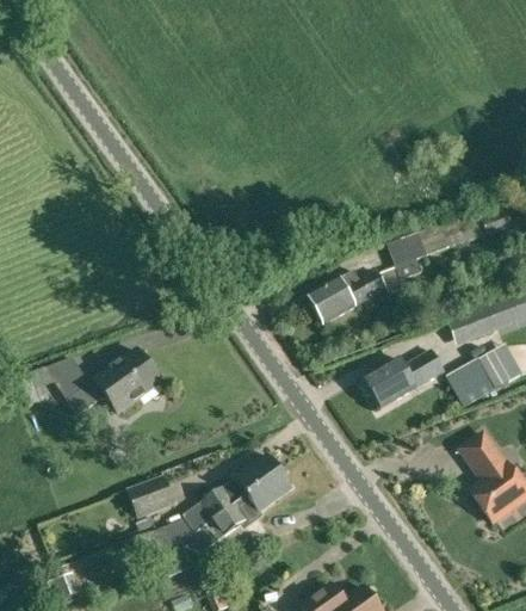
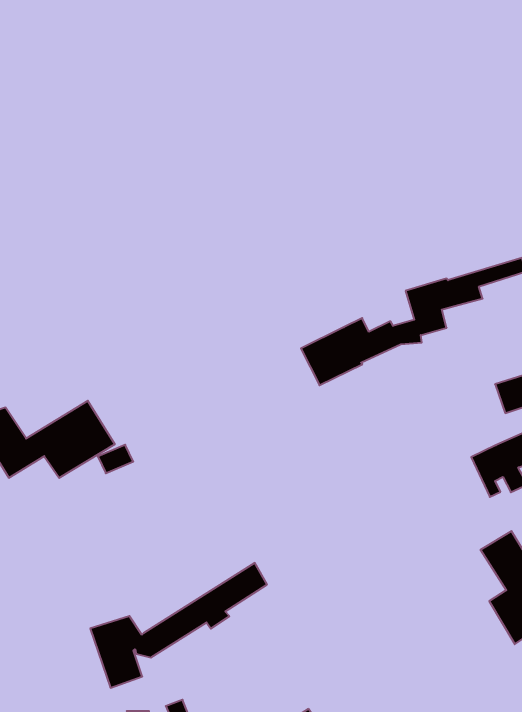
building: [361,350,444,408] -> none
building: [182,453,280,532] -> none
building: [128,475,177,518] -> none

